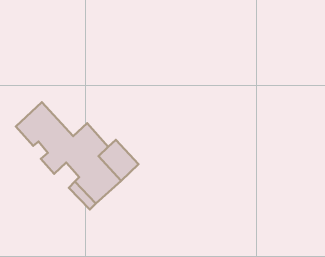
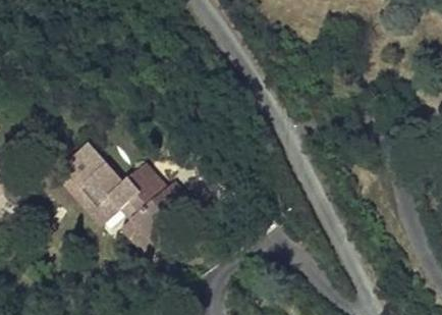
building: none -> [47,158,120,225]

